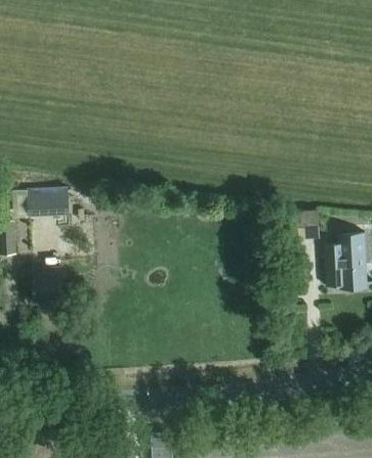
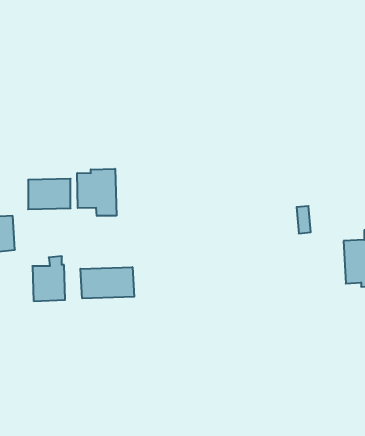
building: none -> [77,169,116,216]
building: none -> [80,267,134,298]

